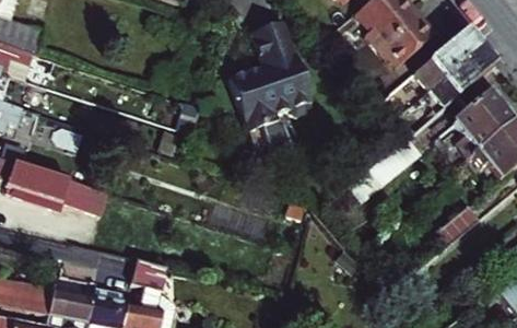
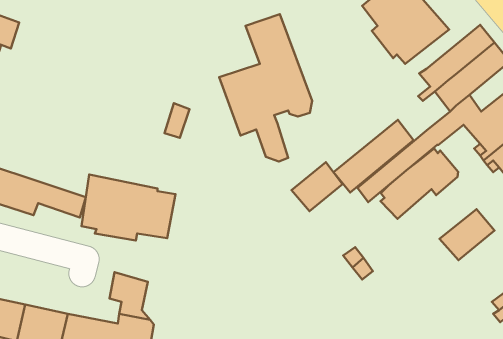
building: none -> [380,149,458,219]
building: none -> [292,162,343,211]
building: none -> [82,175,176,240]

